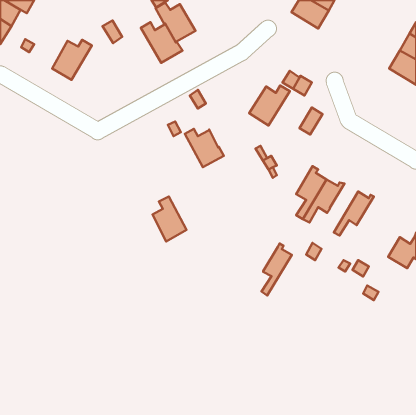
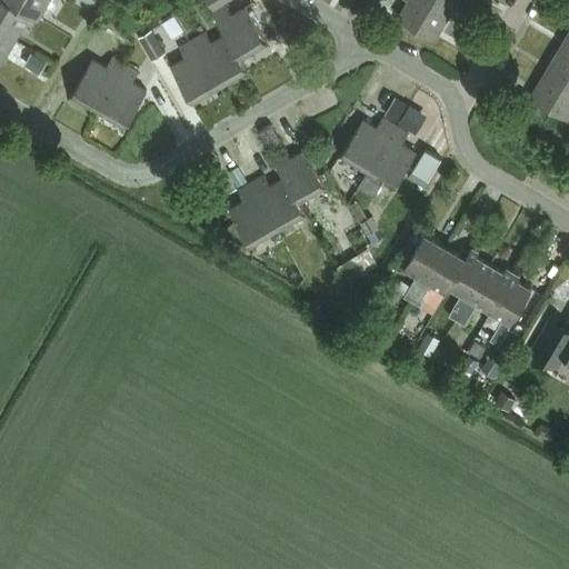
building: none -> [172,40,220,103]
building: none -> [98,64,147,127]
building: none -> [357,127,416,197]
building: none -> [272,149,326,203]
building: none -> [487,270,531,345]
building: [152,197,187,241] -> [230,184,277,246]
building: [262,243,292,296] -> [448,248,489,319]

